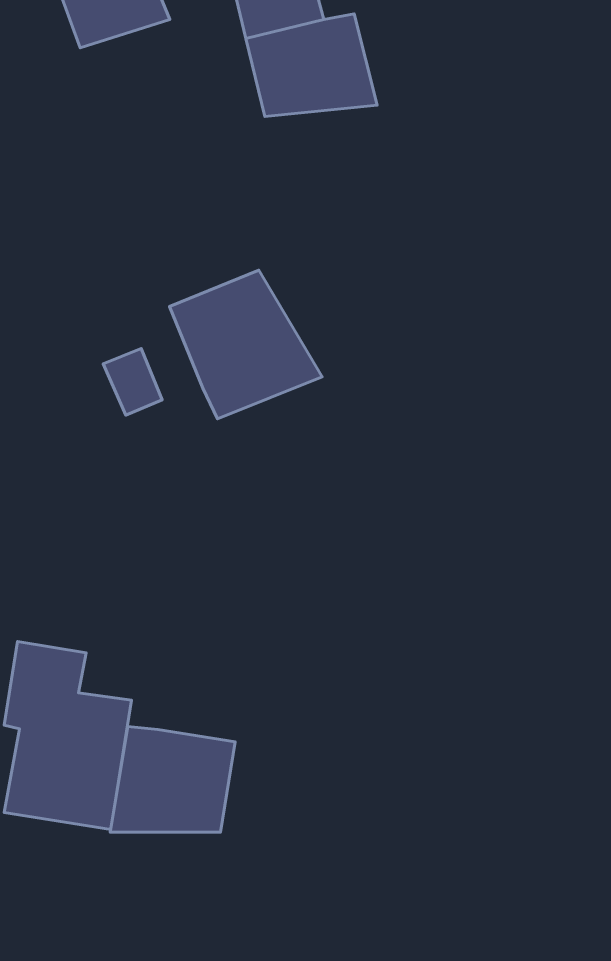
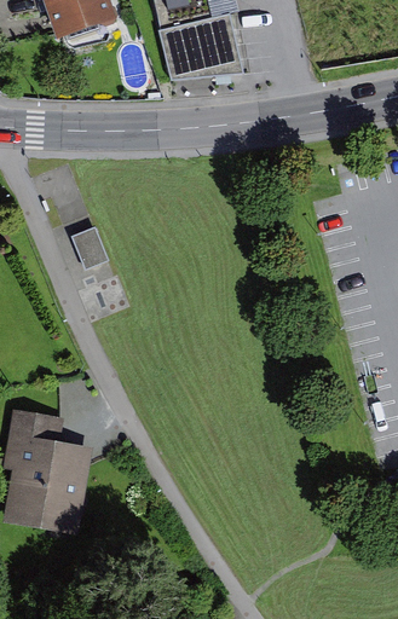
building: [170,270,322,419] -> none
building: [110,727,235,832] -> none

